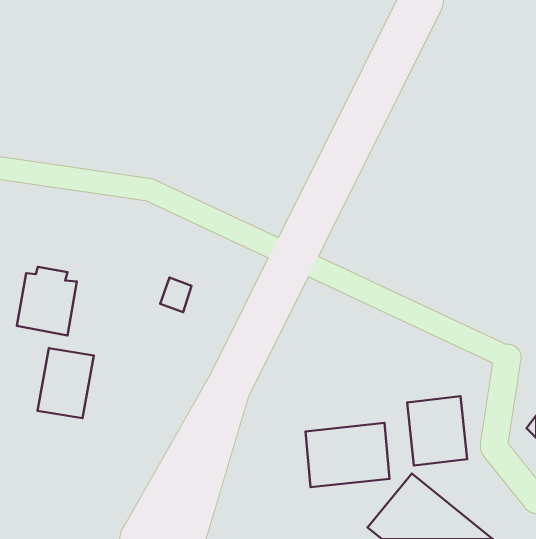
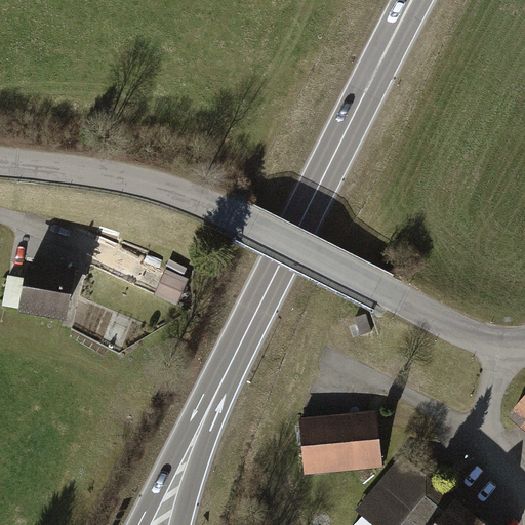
building: [37,348,94,418] -> none
building: [407,396,467,465] -> none

